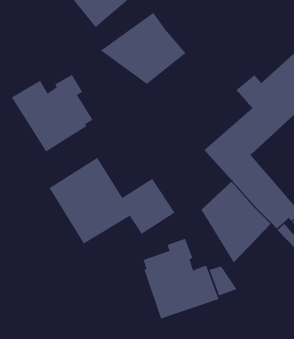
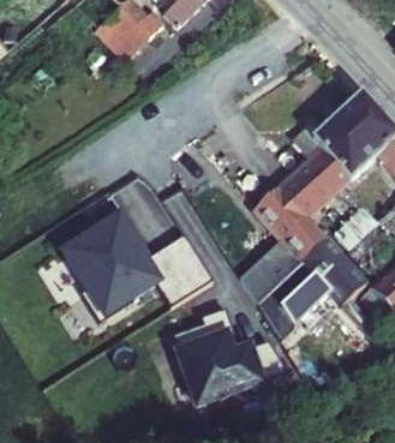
building: [100,12,187,85] -> none
building: [11,74,94,153] -> none

